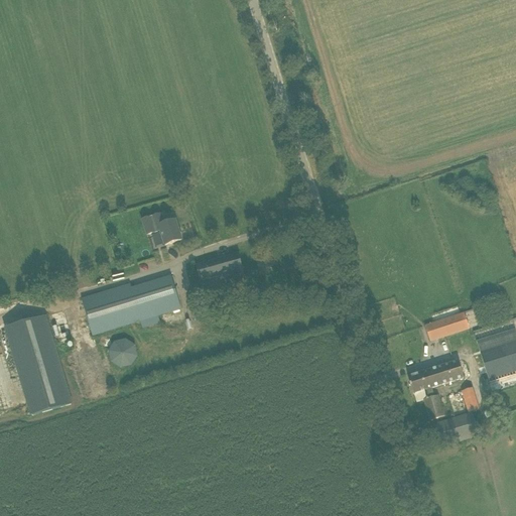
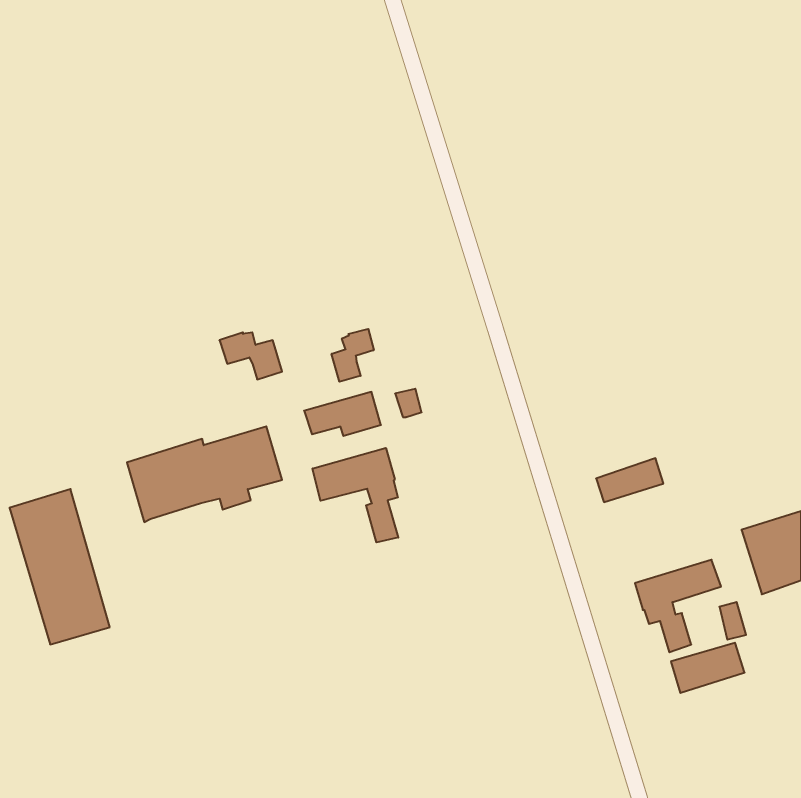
building: none -> [332,329,374,382]
building: none -> [313,448,398,542]
building: [425,311,469,340] -> [596,458,663,502]
building: [109,338,137,367] -> none

